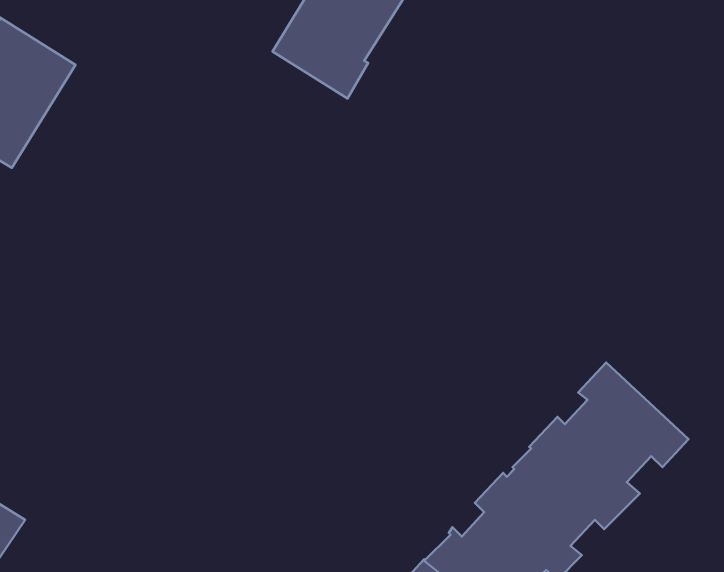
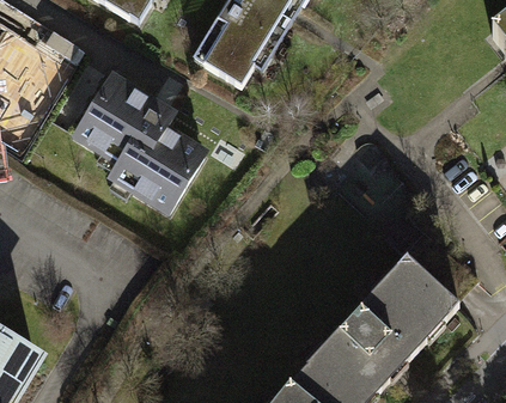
building: none -> [74,78,202,209]

